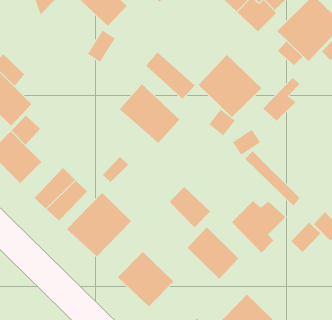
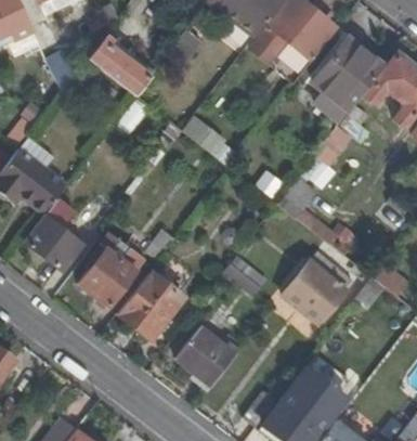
building: [198,54,262,118] -> none
building: [119,84,180,144] -> none
building: [187,227,239,280] -> none

